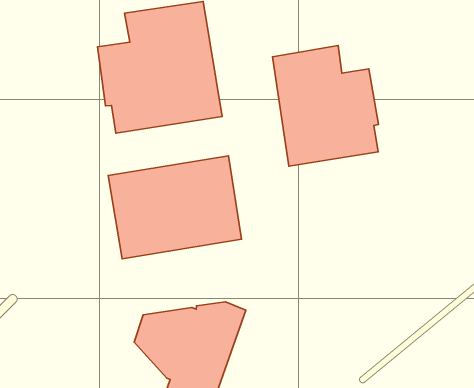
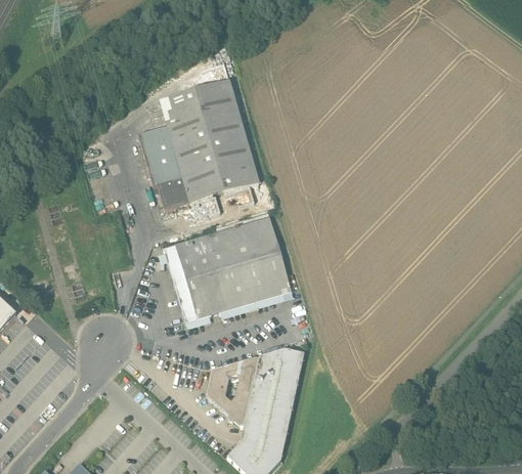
building: [273,45,379,166] -> none

